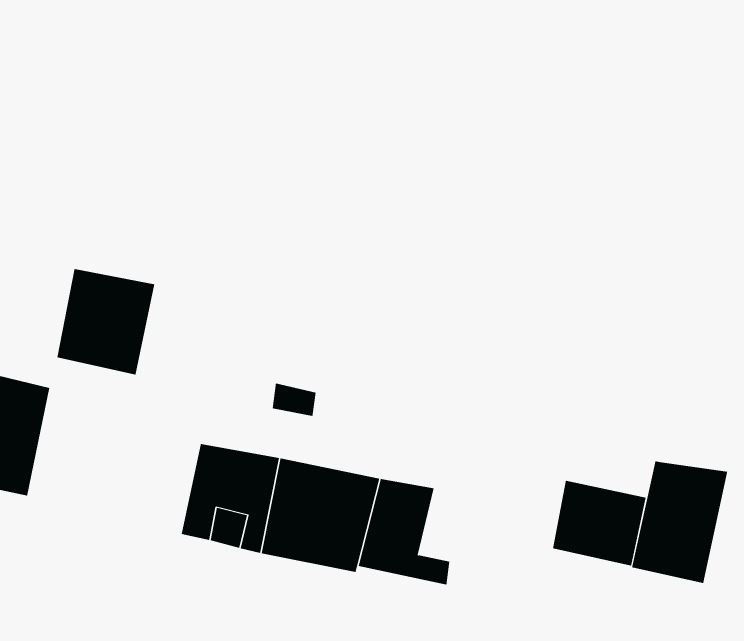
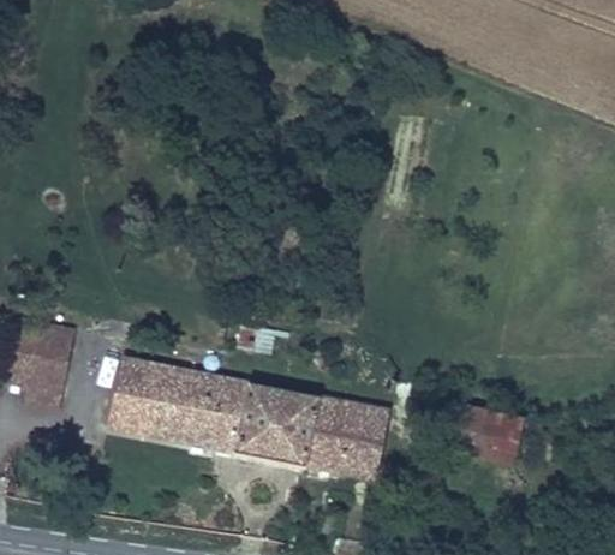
building: [56,268,155,375] -> [111,358,185,438]
building: [632,461,728,584] -> none
building: none -> [350,404,386,459]

